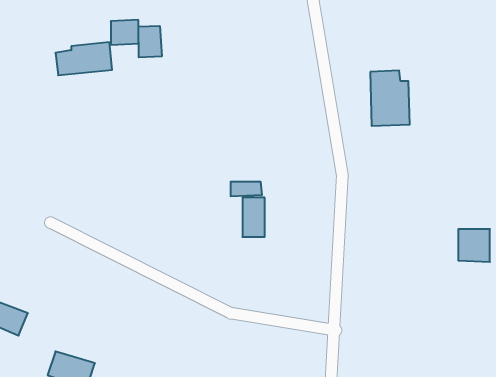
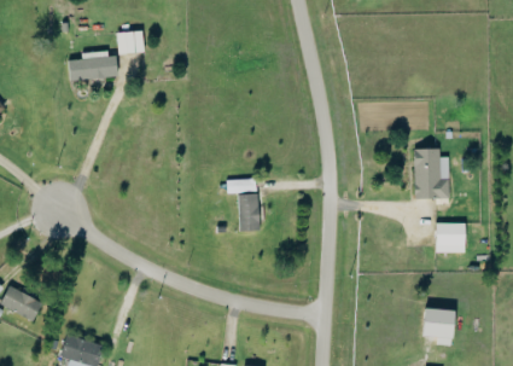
building: [138,26,162,57] -> none
building: [370,71,410,126] -> [413,147,449,198]
building: none -> [419,307,453,338]

